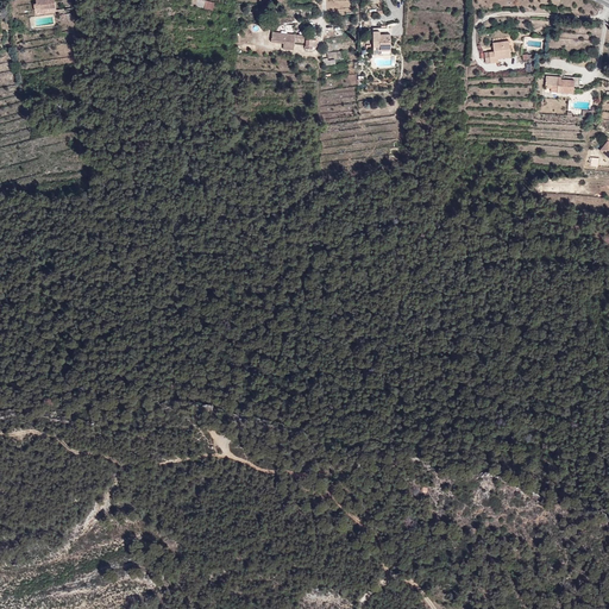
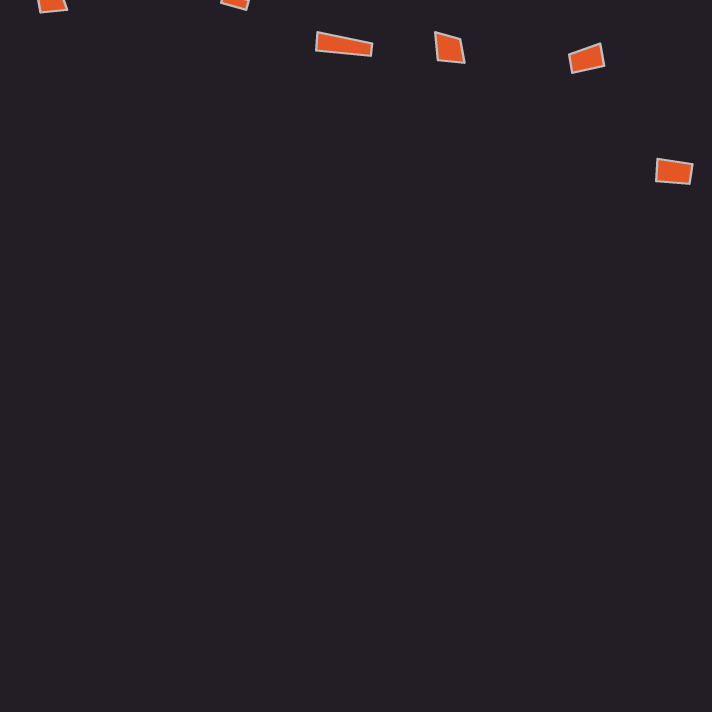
building: [545,73,576,94] -> [656,159,692,184]

